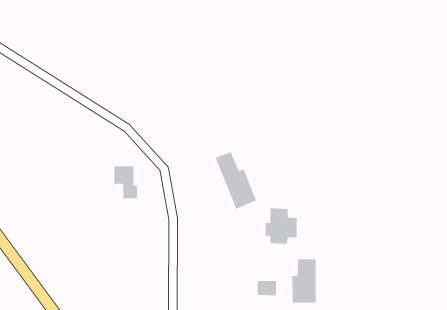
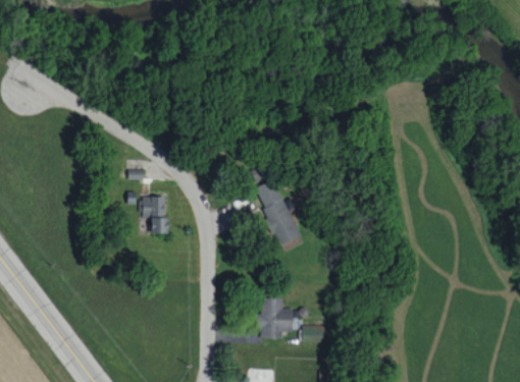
building: [265,208,297,244] -> [256,297,293,338]
building: [292,258,316,304] -> none

